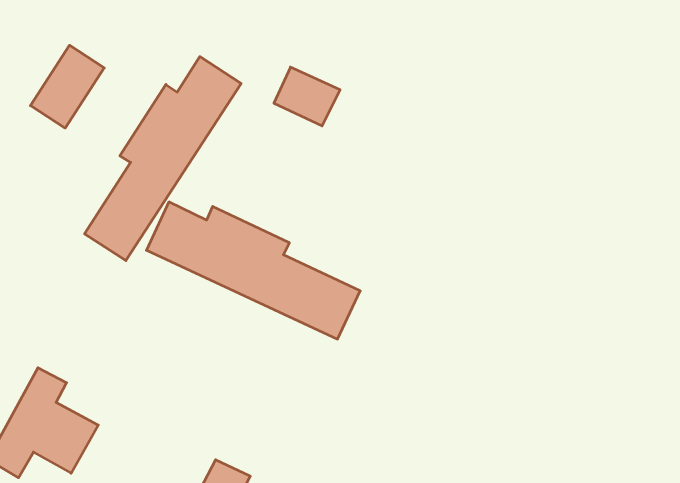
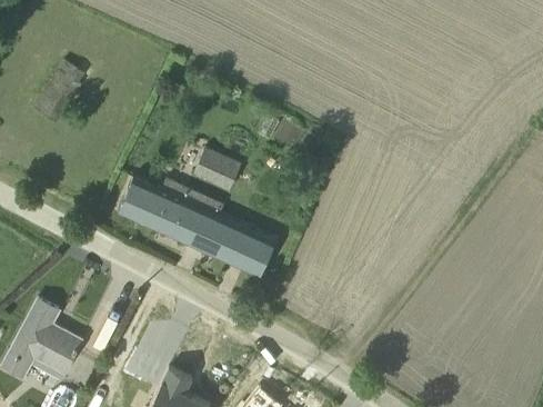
building: [85,57,241,261] -> none
building: [274,67,340,126] -> [193,148,242,191]

